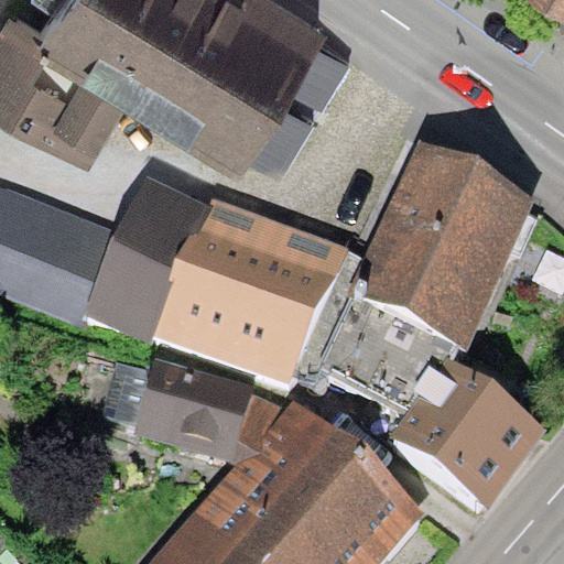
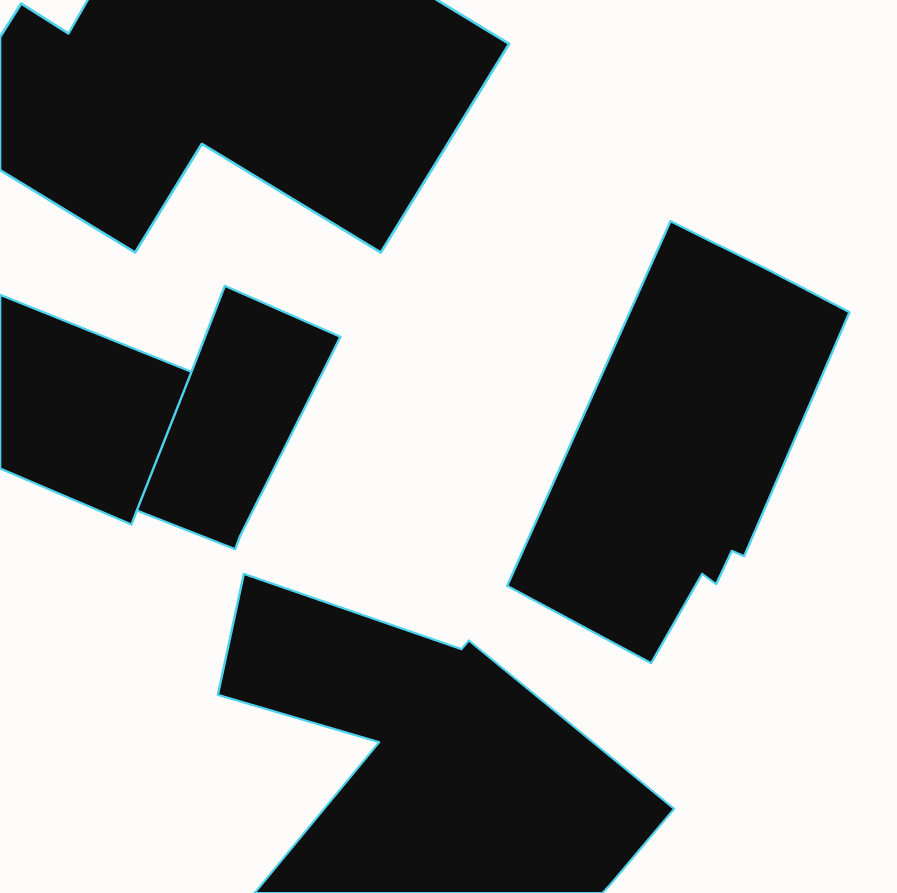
building: [151,202,350,386] -> none
building: [392,360,545,513] -> none

